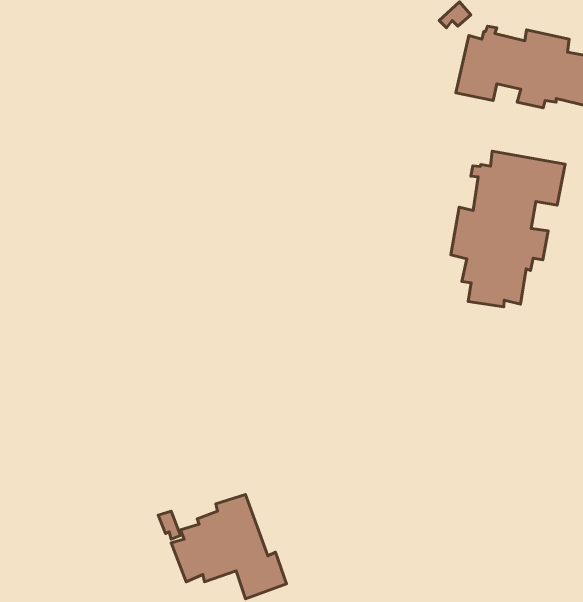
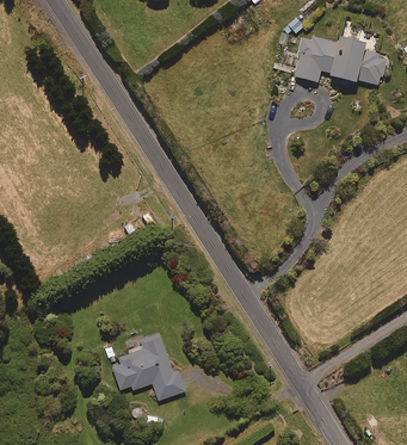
building: [451,151,565,307] -> none

